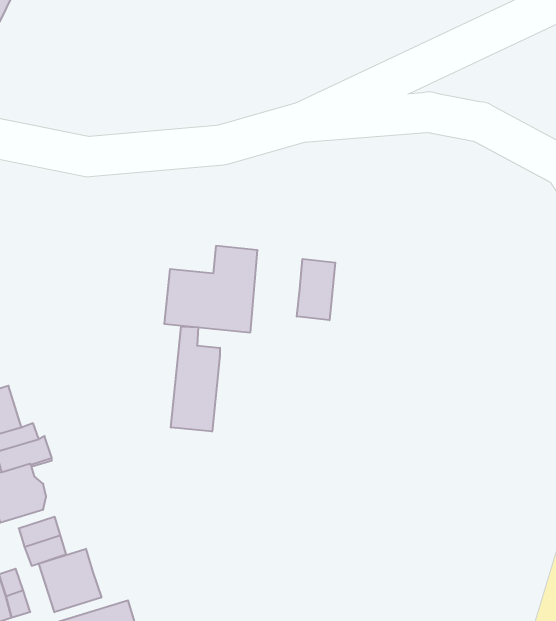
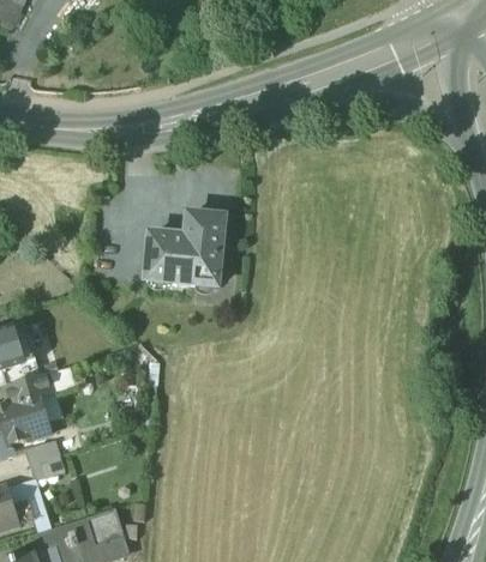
building: [297,259,335,320] -> none
building: [171,326,220,432] -> none
building: [39,549,101,612] -> none

